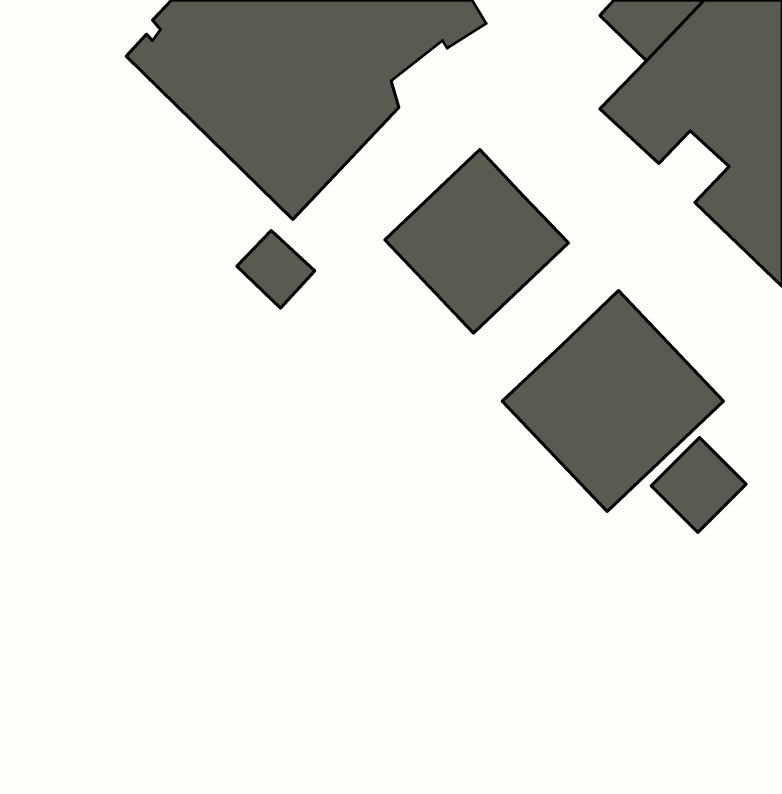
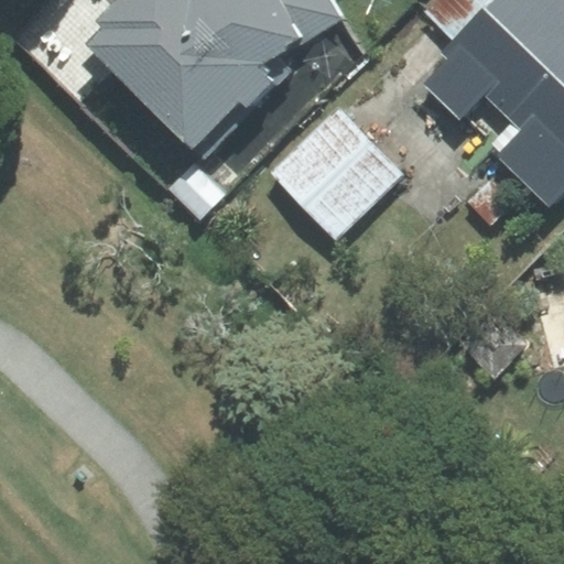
building: [502,291,723,512] -> none

